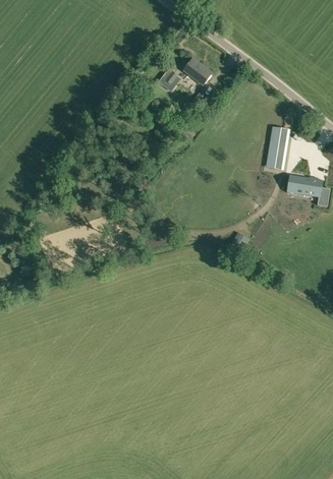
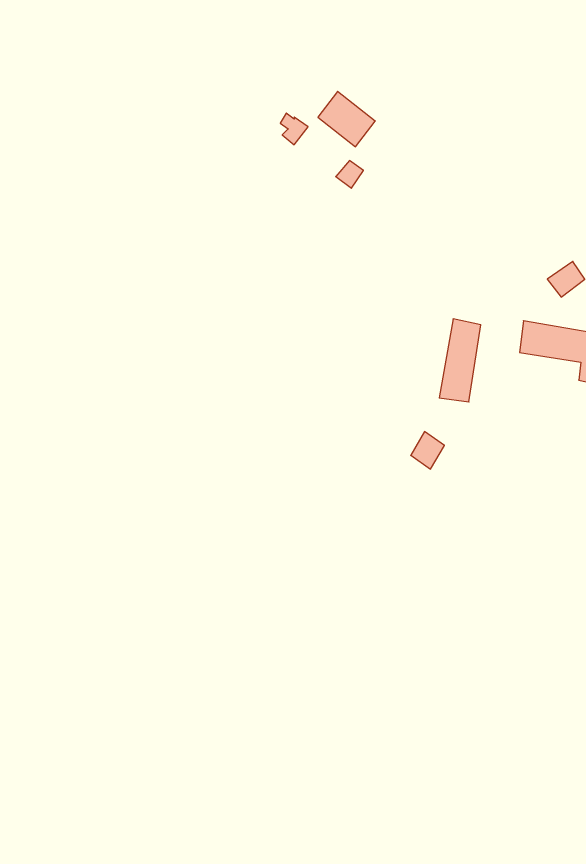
building: [266,127,287,170] -> [439,319,481,402]

